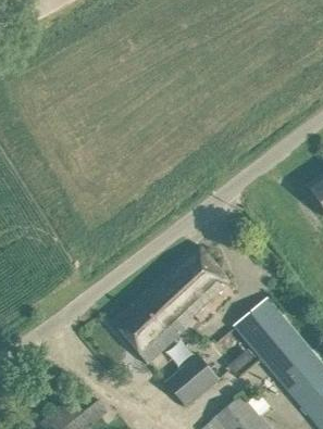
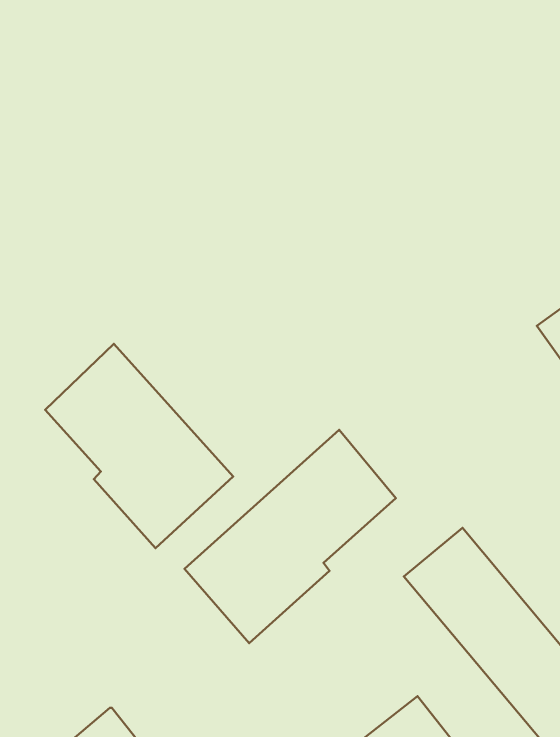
building: none -> [45,344,233,548]
building: [166,355,220,407] -> none

